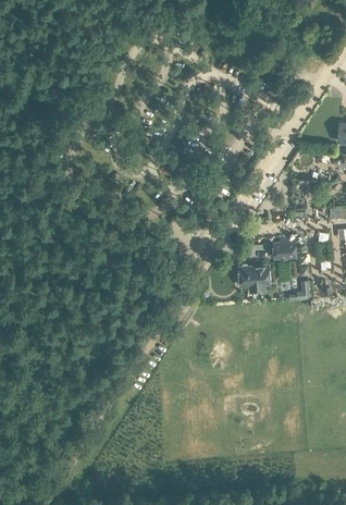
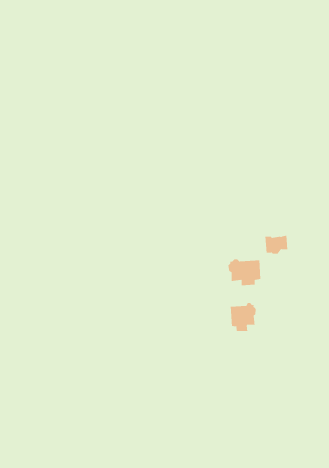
building: none -> [230,302,256,332]

